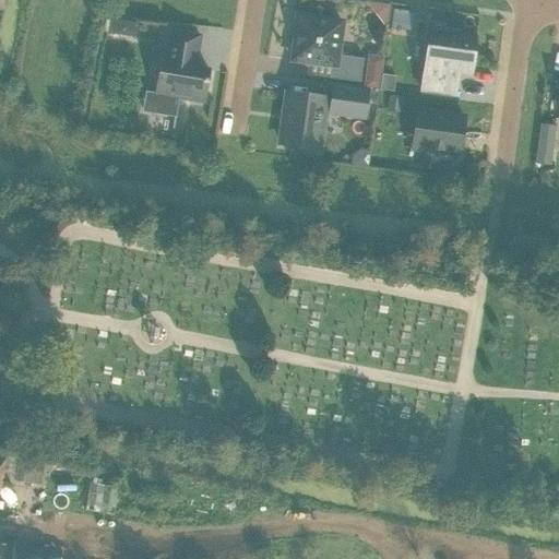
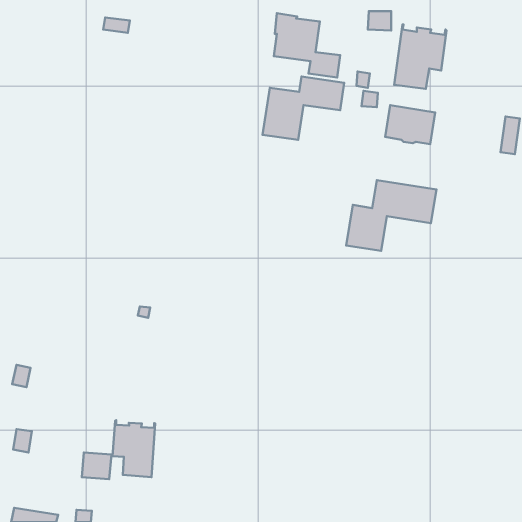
building: [144,32,209,117] -> none
building: none -> [346,180,436,251]
building: none -> [112,420,155,477]

